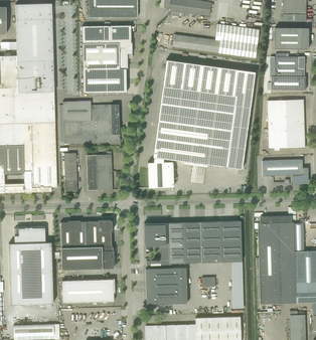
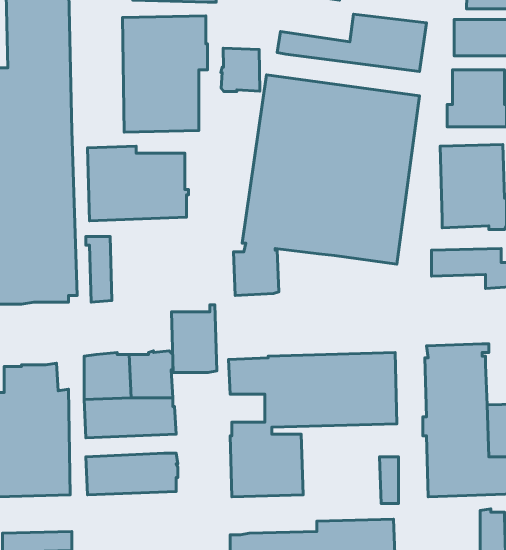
building: none -> [221,48,260,92]
building: [86,151,112,190] -> [172,305,217,372]

